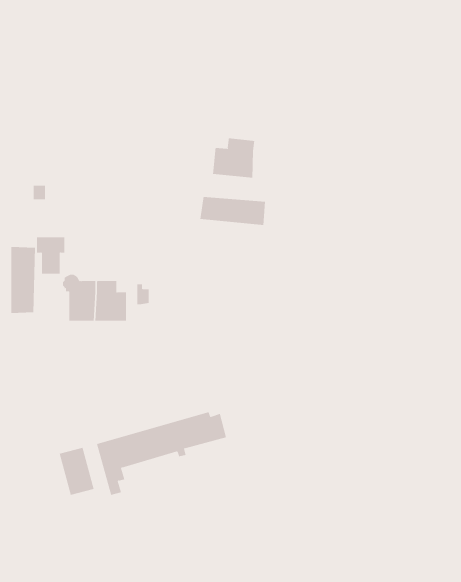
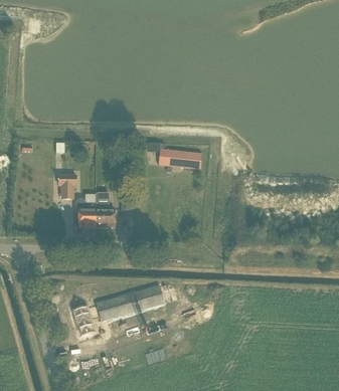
building: [212,138,255,179] -> none
building: [11,246,35,314] -> none

